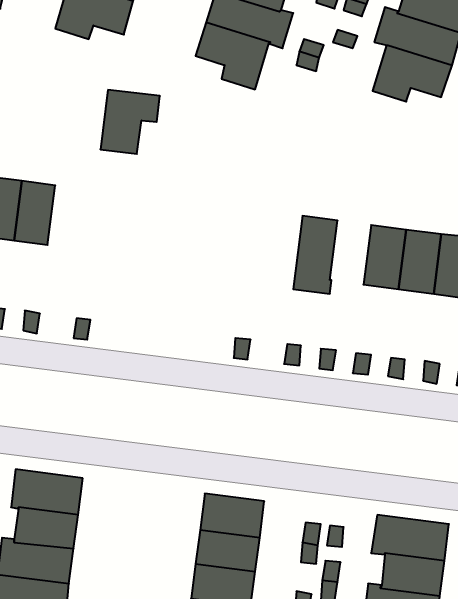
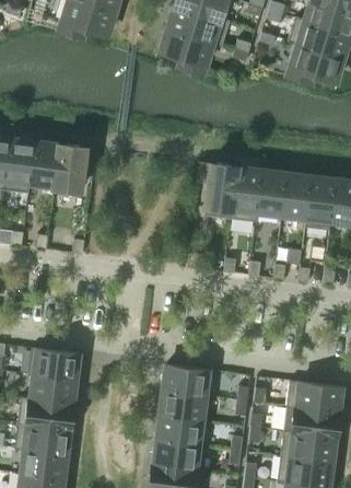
building: [100,90,160,154] -> [54,144,96,190]
building: none -> [197,162,236,219]
building: none -> [256,170,285,216]

